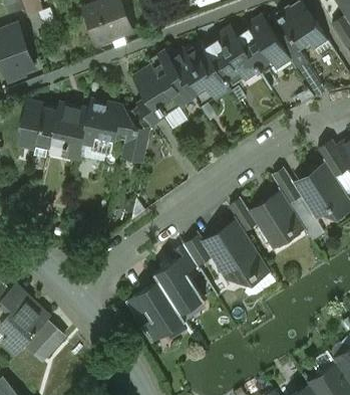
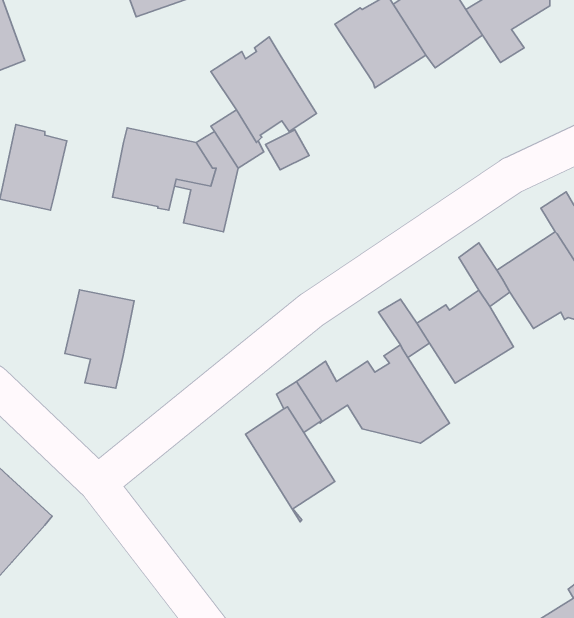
building: [173,42,225,98] -> none
building: [49,107,87,161] -> [65,290,134,388]
building: [124,273,185,344] -> none
building: [26,324,61,360] -> none

